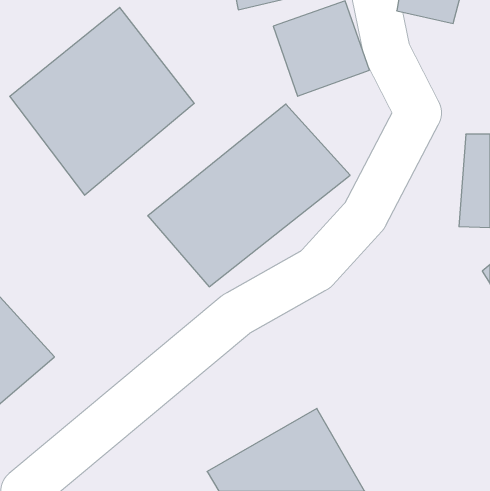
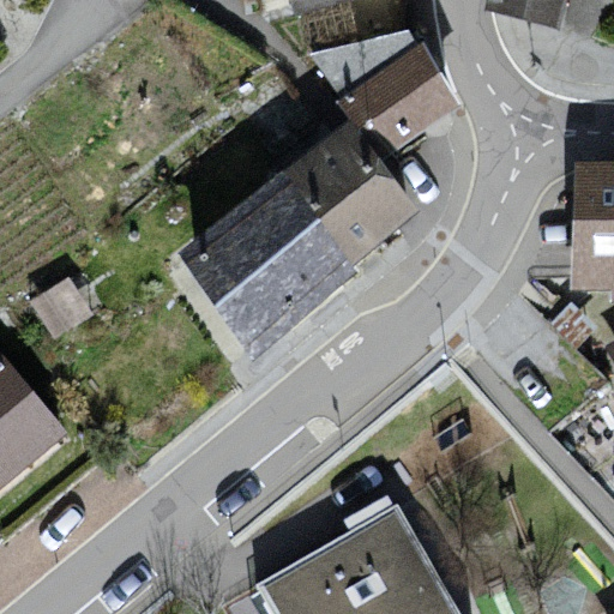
building: [10,7,194,195] -> none

